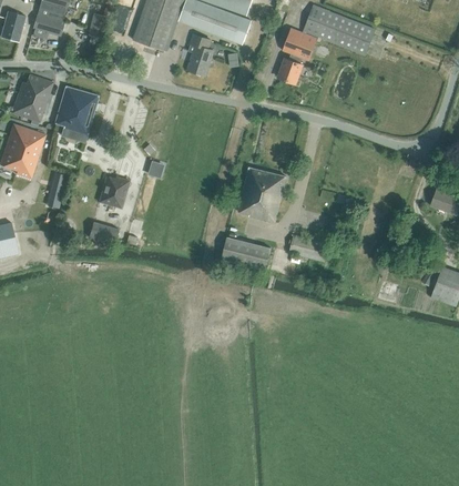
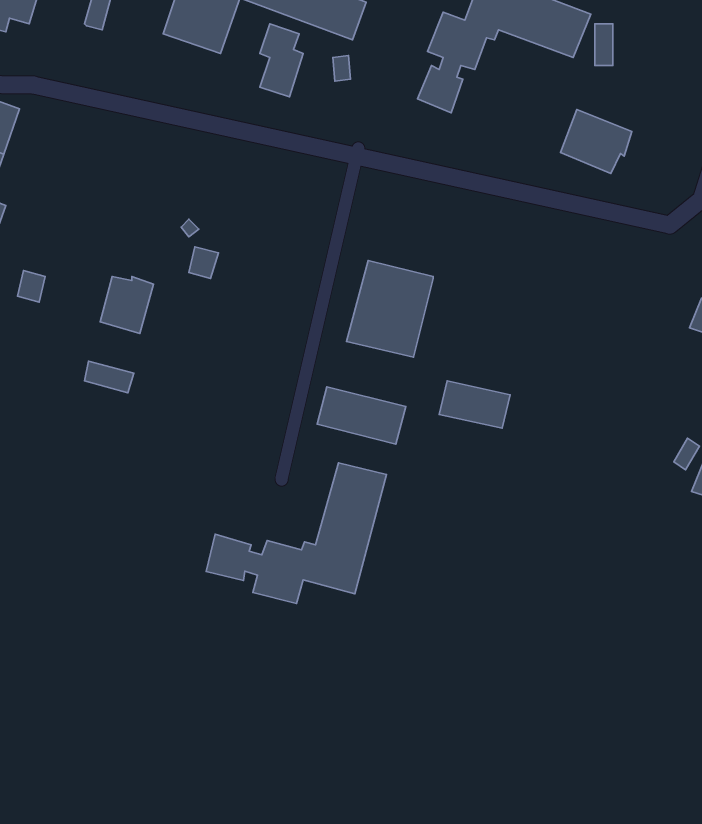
building: none -> [561,110,632,174]
building: [54,85,98,142] -> none
building: none -> [206,463,387,603]

